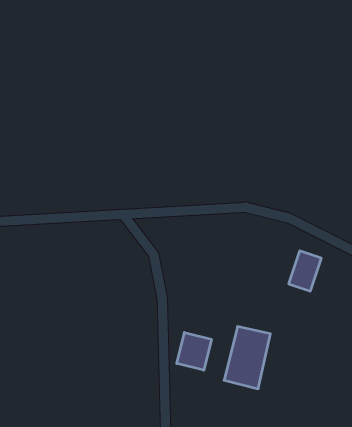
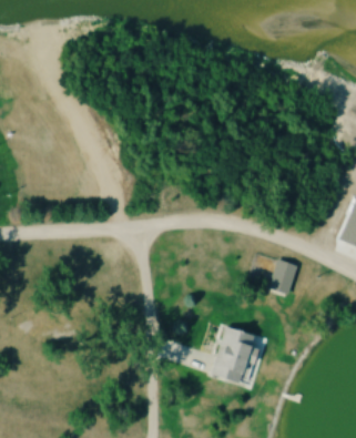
building: [177,332,211,370] -> none

